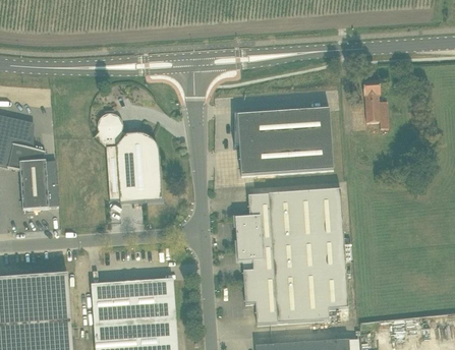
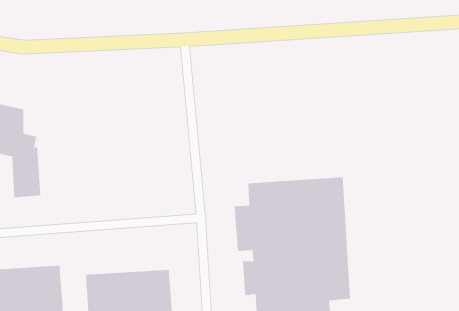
building: [354,78,389,128] -> none
building: [234,108,334,175] -> none
building: [94,112,162,201] -> none

